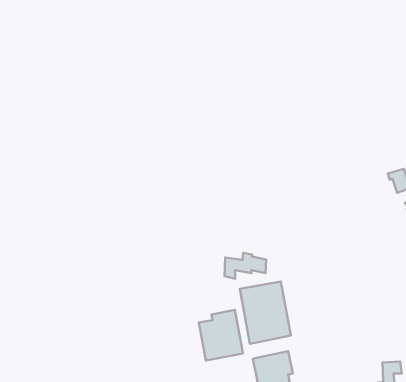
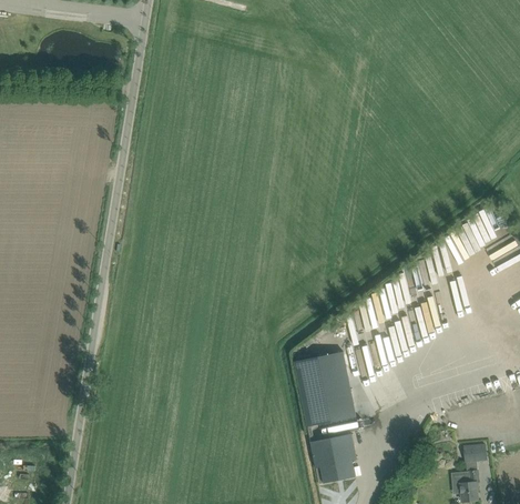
building: [224,253,266,279] -> none
building: [199,310,243,361] -> none

